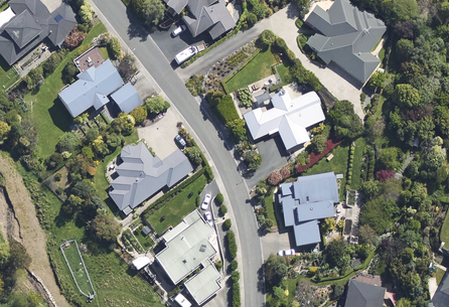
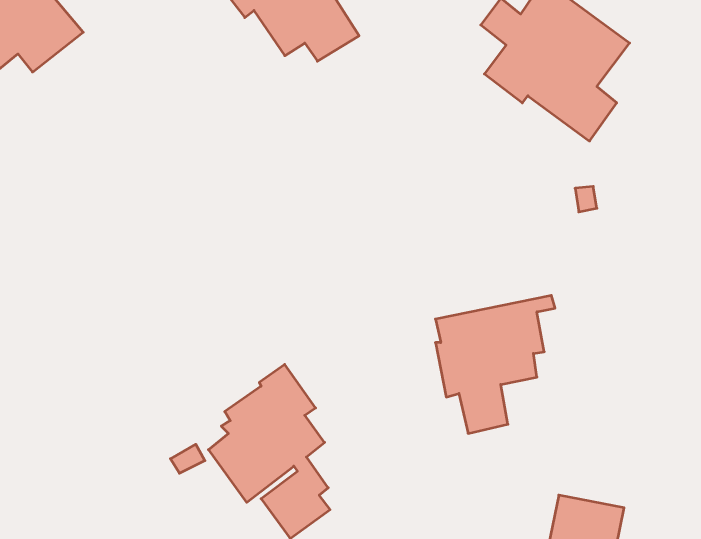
building: [58,58,145,118] -> none
building: [243,89,327,150] -> none
building: [110,140,195,214] -> none

